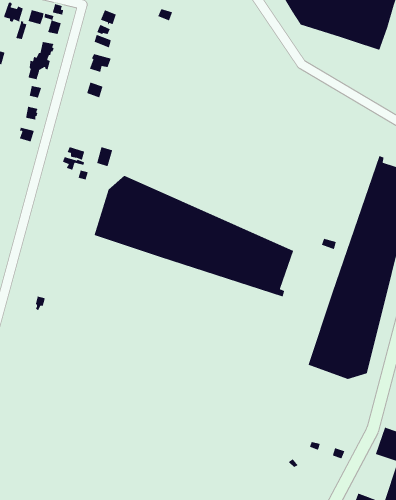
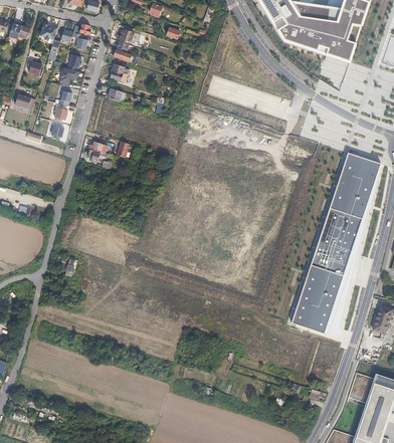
building: [94,175,294,298] -> none

